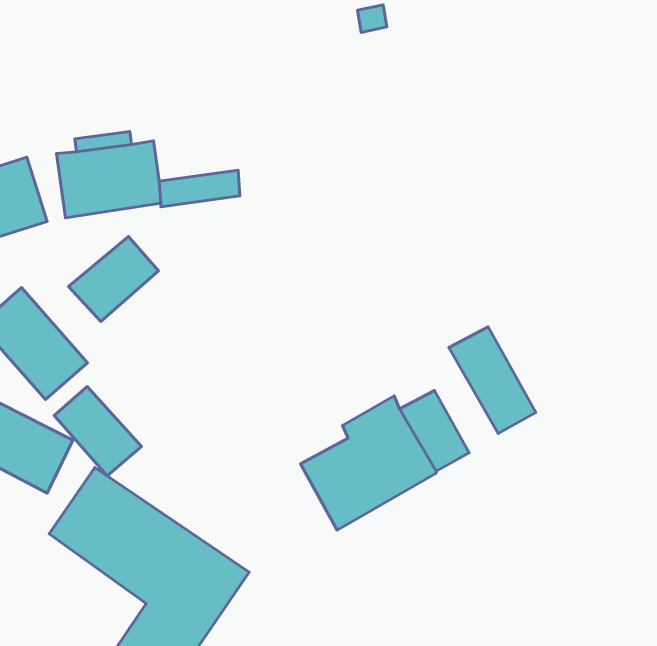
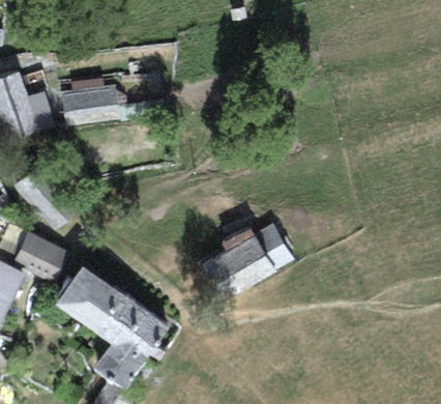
building: [69,237,159,322] -> none
building: [449,327,536,434] -> none
building: [54,386,142,476] -> none

